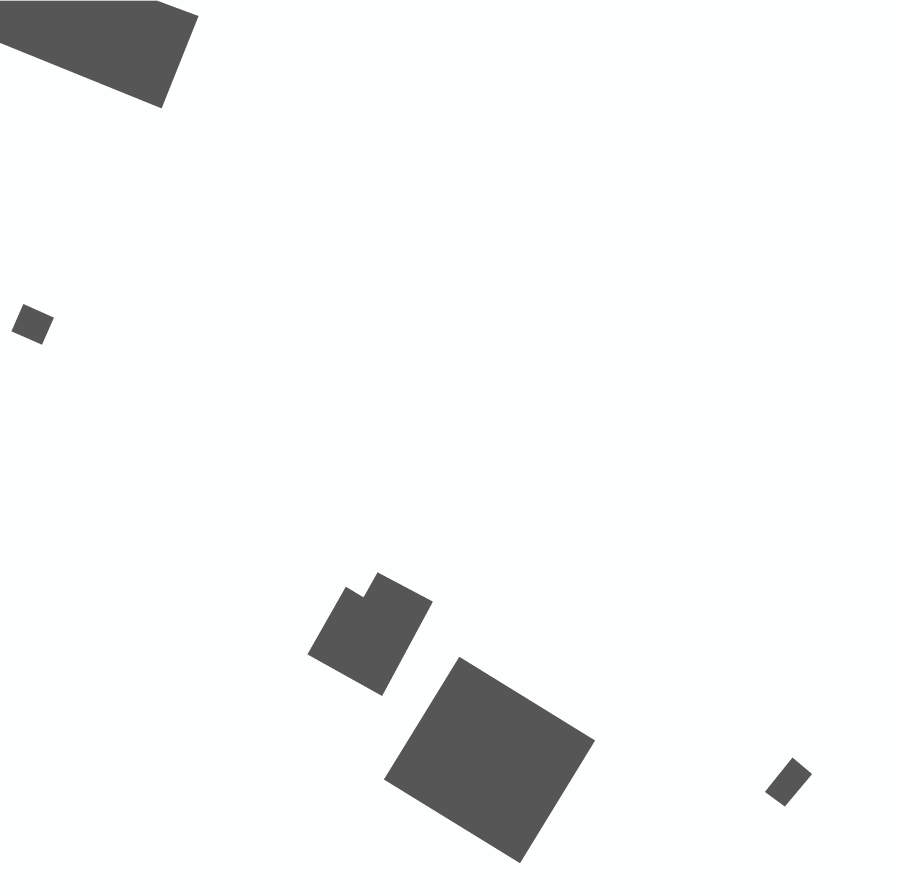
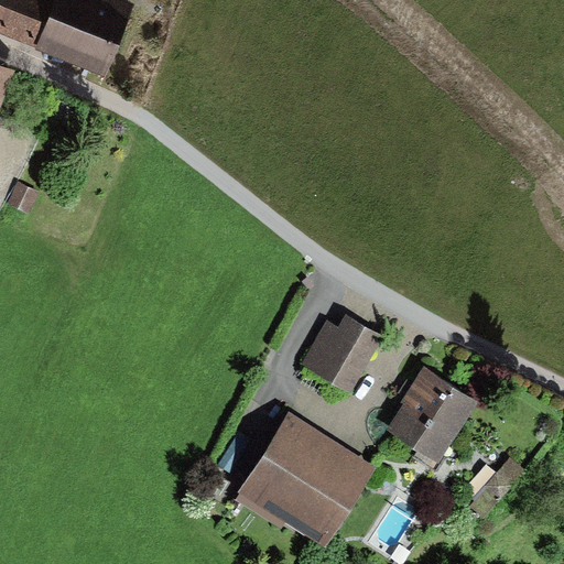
building: [307,572,434,697] -> [302,315,381,393]
building: none -> [388,368,476,460]

